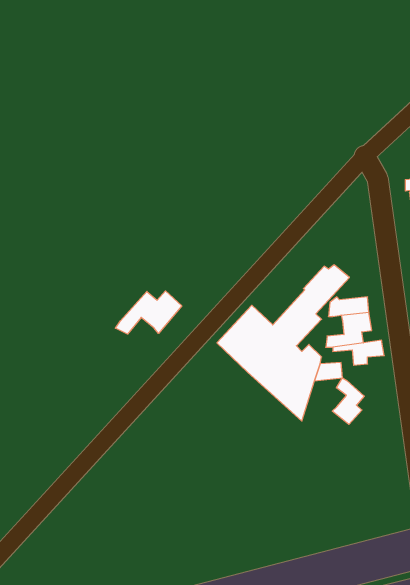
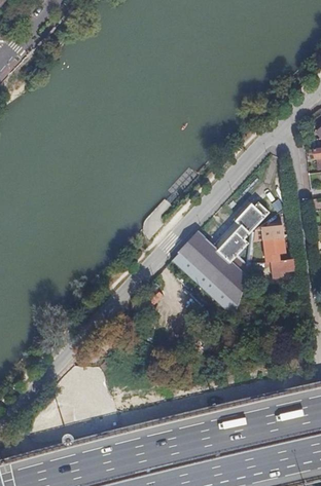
building: [115,291,182,334] -> none
building: [332,378,364,424] -> none

